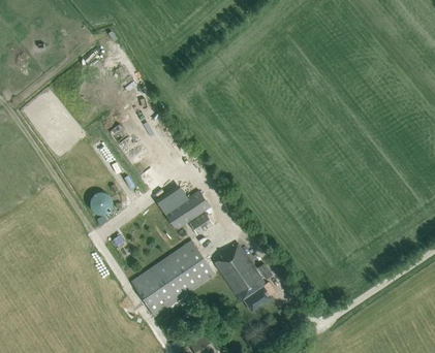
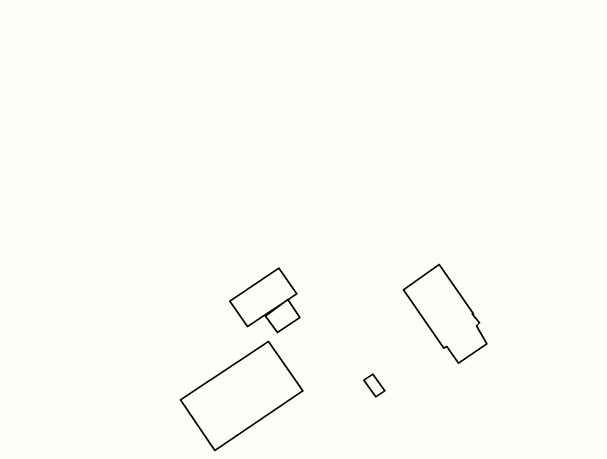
building: [89,191,112,214] -> none
building: [212,243,270,311] -> [403,265,487,363]

